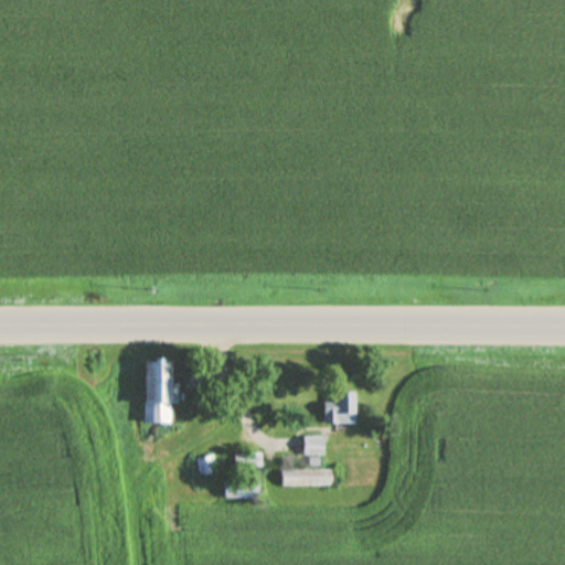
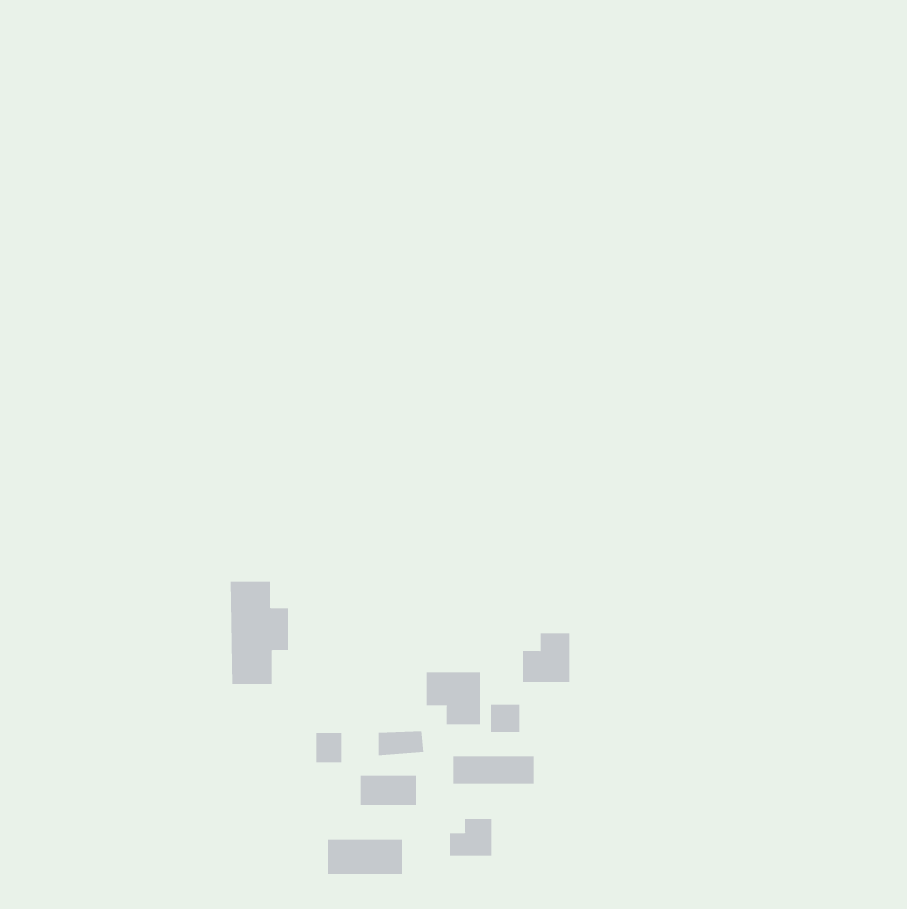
building: none -> [426,671,480,725]
building: none -> [450,818,492,857]
building: none -> [328,839,403,875]

